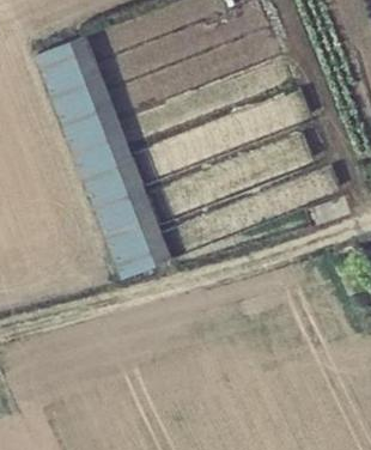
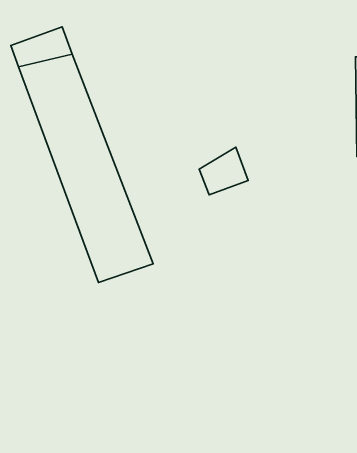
building: none -> [199,147,248,195]

